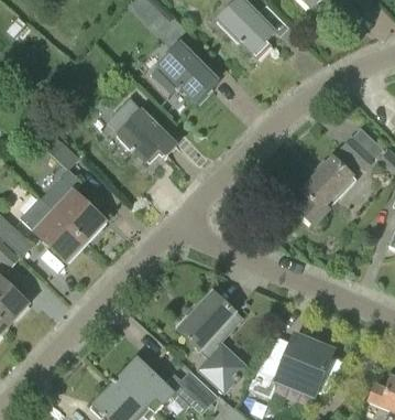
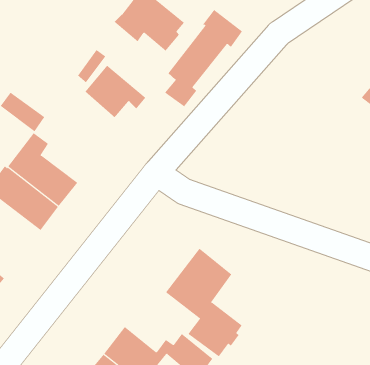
building: [298,133,376,223] -> [164,9,243,107]
building: [248,335,332,398] -> none

